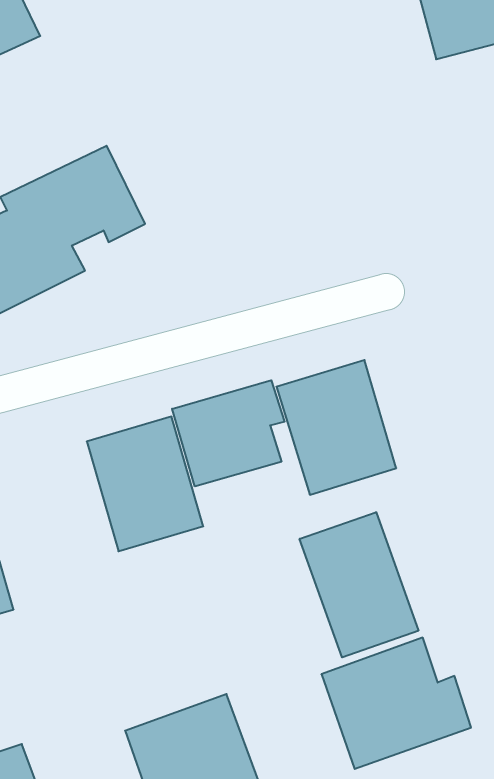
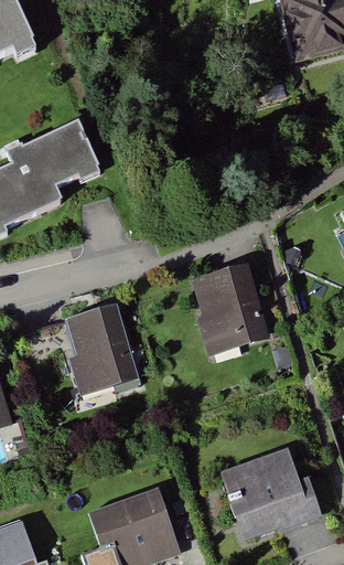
building: [172,380,285,486] -> none
building: [300,512,418,657] -> none

